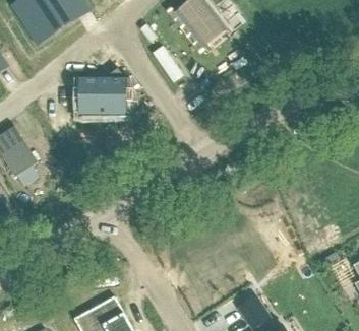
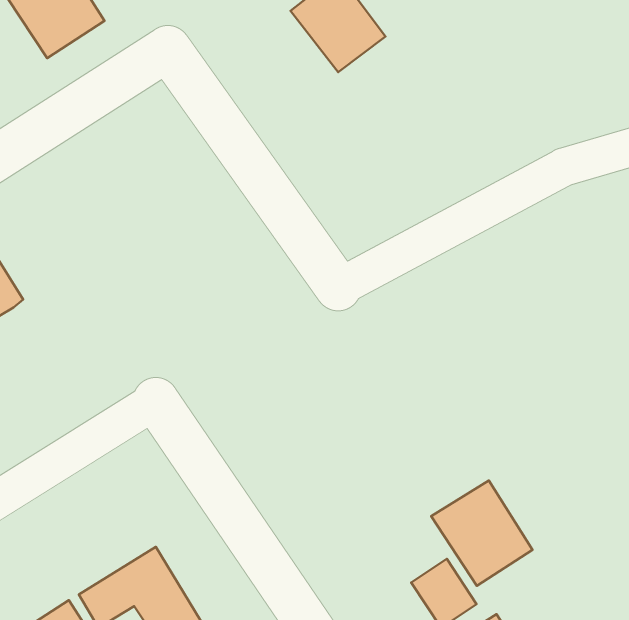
building: [81,68,145,118] -> none
building: none -> [431,481,532,586]

